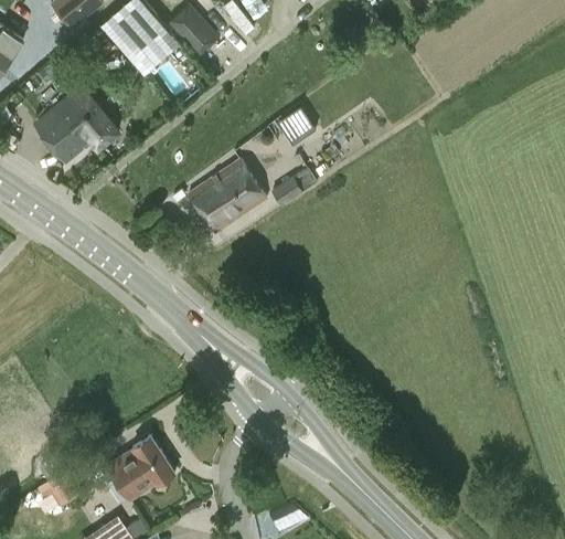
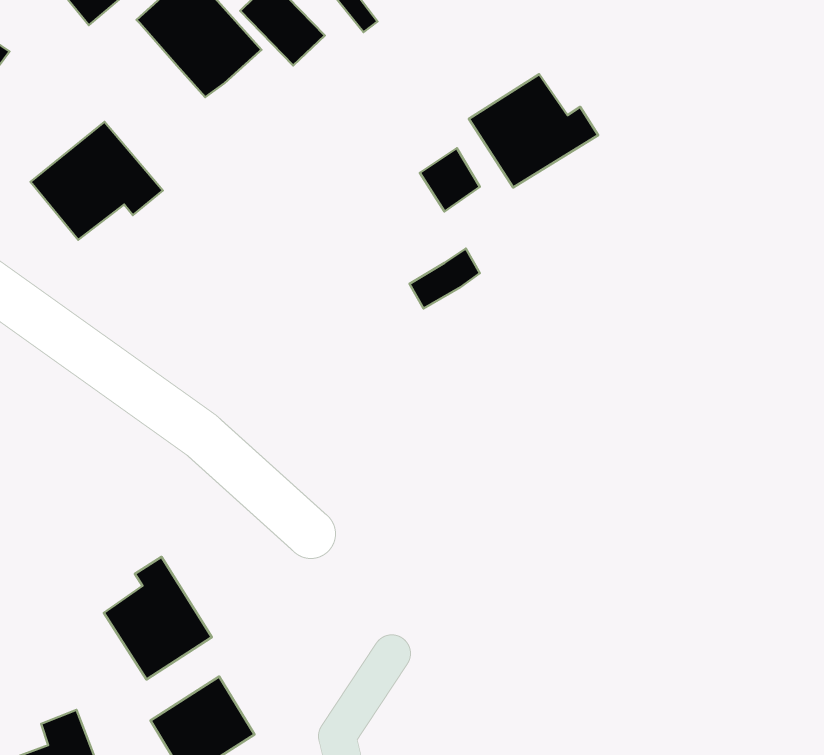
building: none -> [469,74,598,188]
building: [189,159,266,233] -> none
building: none -> [104,557,212,679]

